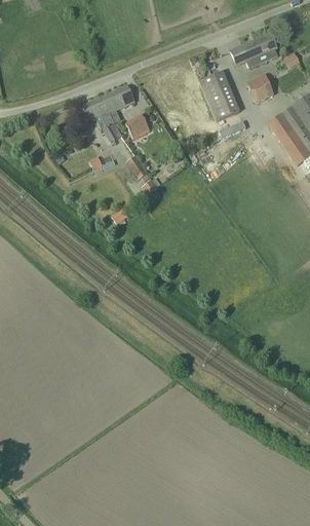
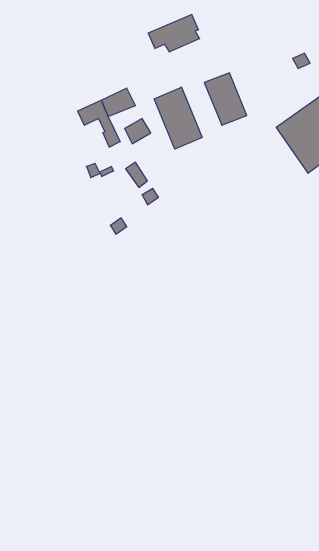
building: [229,33,277,68] -> [148,15,200,52]
building: [246,75,272,102] -> none
building: none -> [154,87,202,149]

